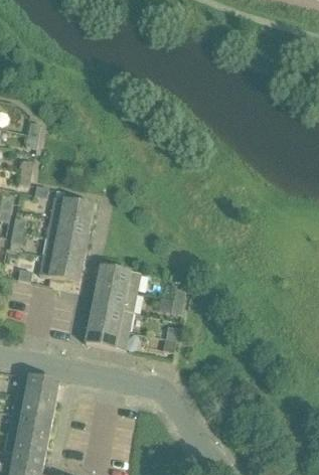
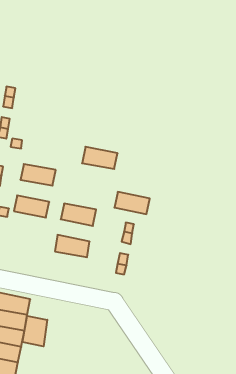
building: [51,195,95,222] -> [82,147,118,169]
building: [43,234,87,262] -> none
building: [93,283,136,310] -> [114,192,150,214]
building: [86,322,129,349] -> none
building: none -> [22,316,47,346]

